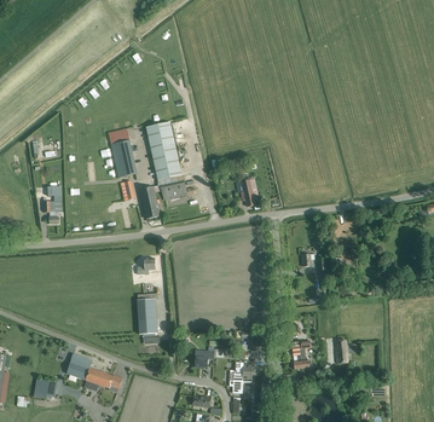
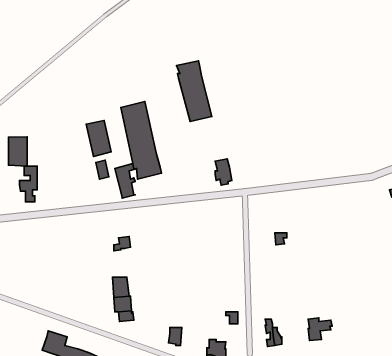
building: none -> [177,61,212,122]
building: none -> [8,137,27,166]

